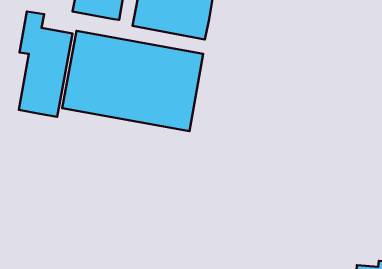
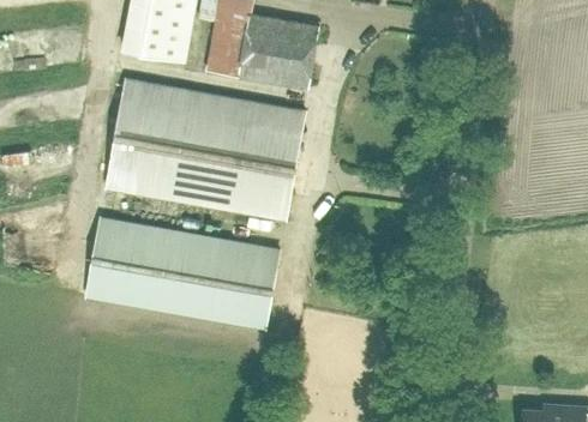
building: [19,11,72,117] -> none
building: none -> [88,219,280,327]

